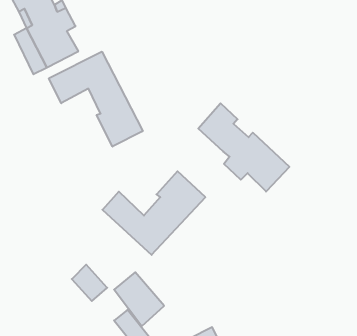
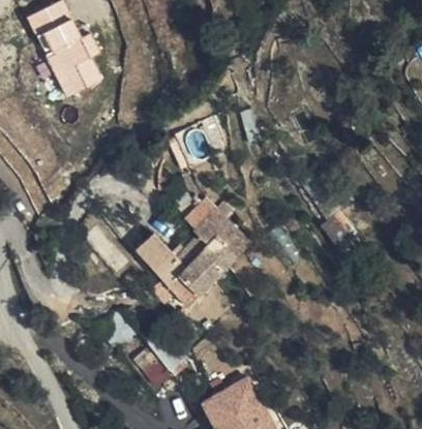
building: [49,52,143,147] -> none
building: [198,103,289,192] -> none

